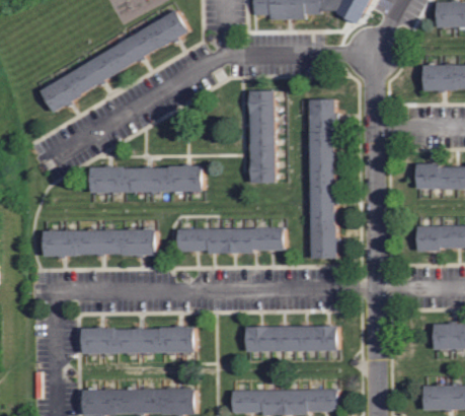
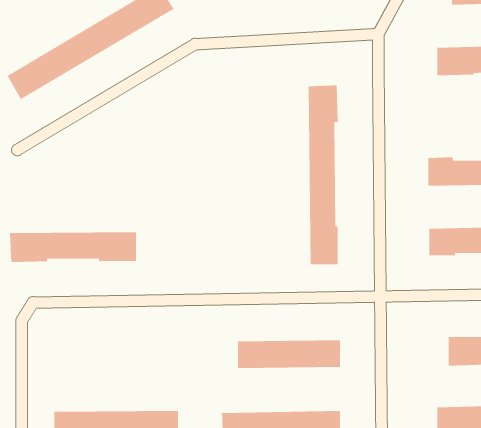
building: [249,90,276,183] -> none
building: [90,165,202,192] -> none
building: [177,227,284,254] -> none
building: [81,327,193,353] -> none

